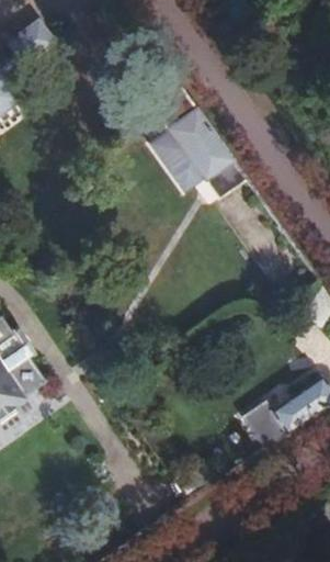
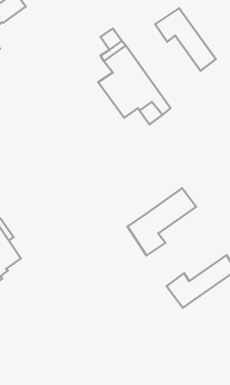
building: none -> [155,8,216,71]
building: none -> [127,188,196,255]

